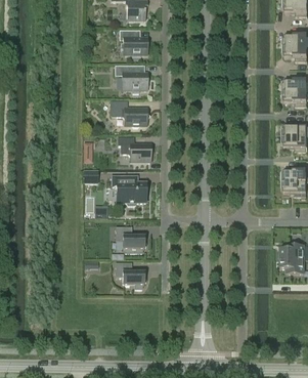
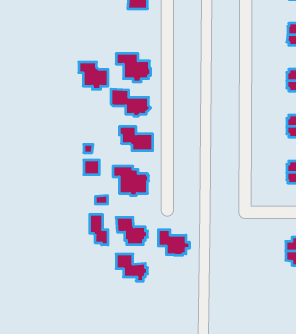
building: [119,30,147,56] -> [79,62,108,89]
building: none -> [90,214,108,245]
building: none -> [158,230,189,255]

